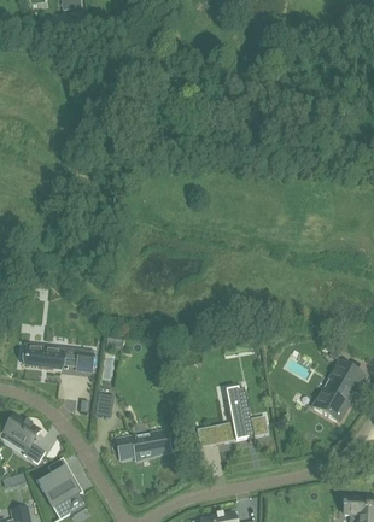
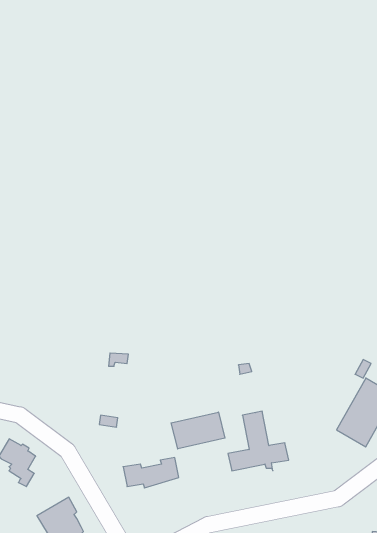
building: [24,344,93,369] -> none
building: none -> [171,412,225,449]

